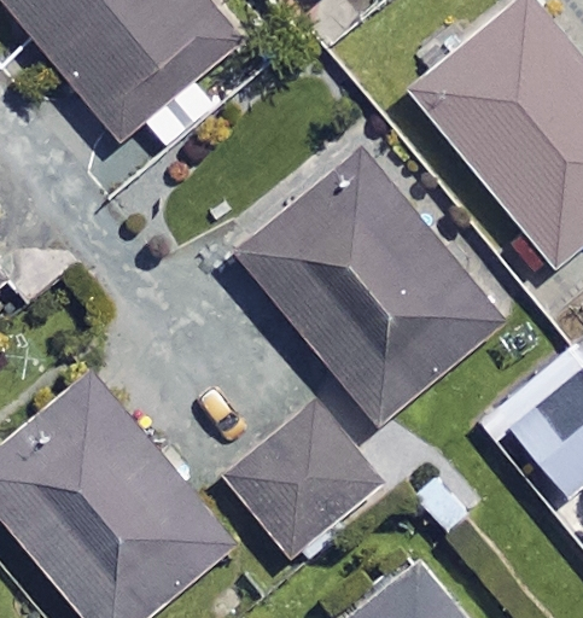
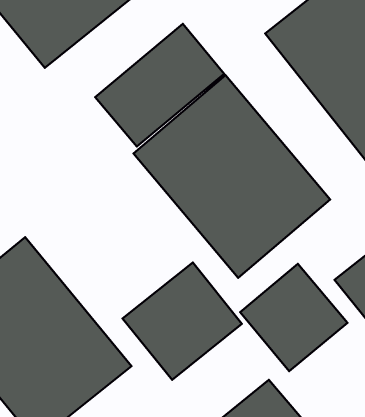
building: none -> [95,24,224,147]
building: none -> [240,264,348,371]

